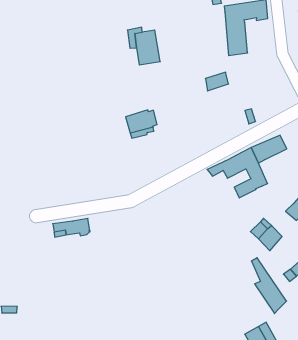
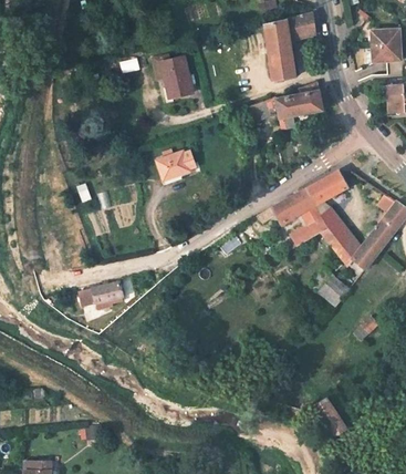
building: none -> [277,82,322,117]
building: [251,258,287,314] -> [316,200,361,265]

